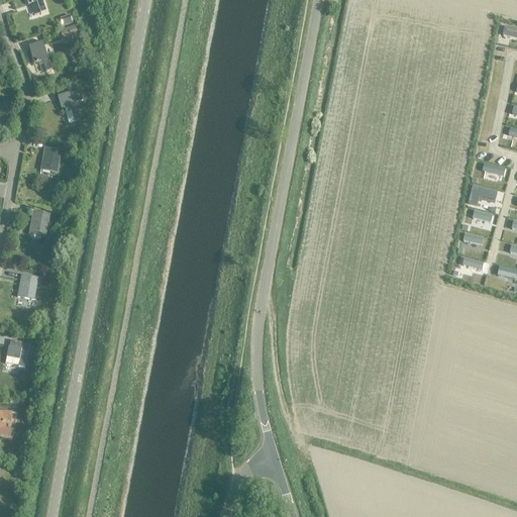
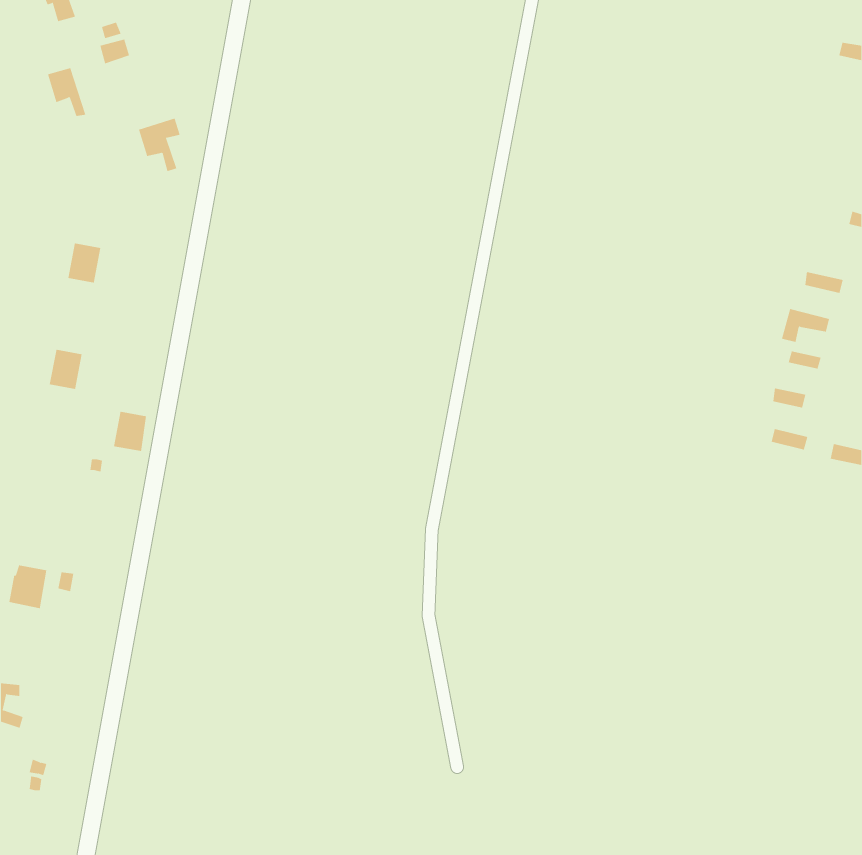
building: [57,88,82,120] -> [138,118,180,172]
building: [17,273,37,297] -> [113,411,147,452]

